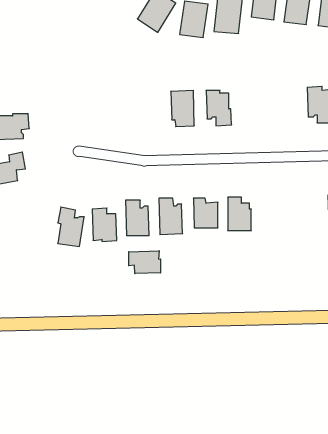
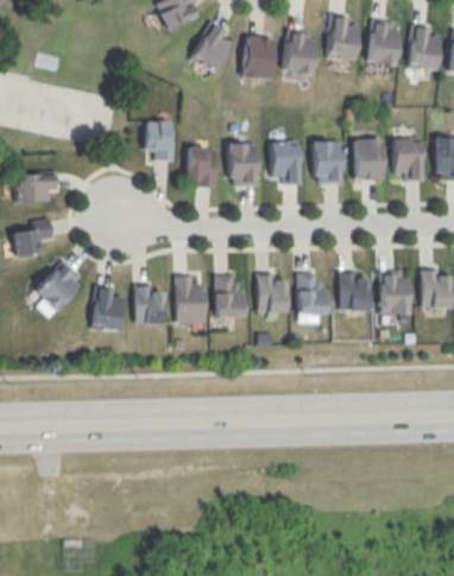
building: none -> [144,120,174,160]
building: none -> [314,141,343,185]
building: none -> [354,141,383,183]
building: none -> [185,147,216,188]
building: none -> [34,260,82,311]
building: none -> [378,271,409,314]
building: none -> [339,273,368,309]
building: [129,251,161,274] -> none

